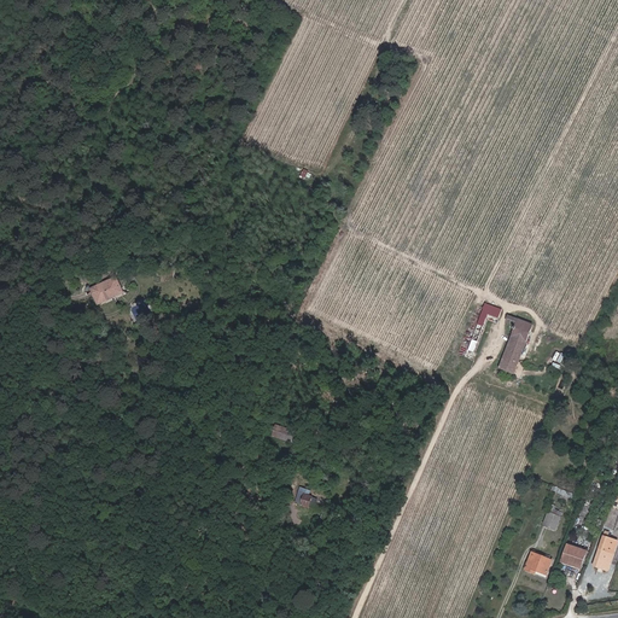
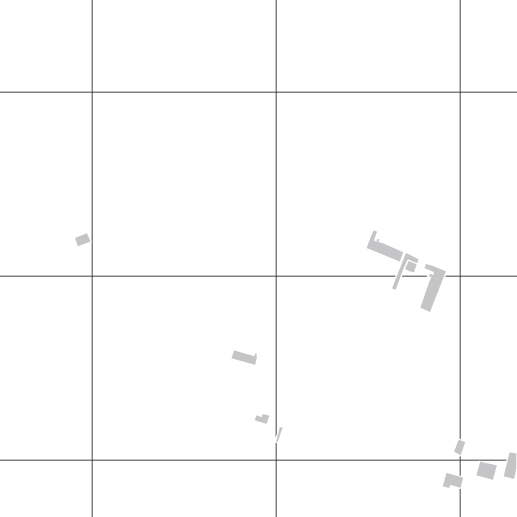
building: none -> [366,230,404,262]

